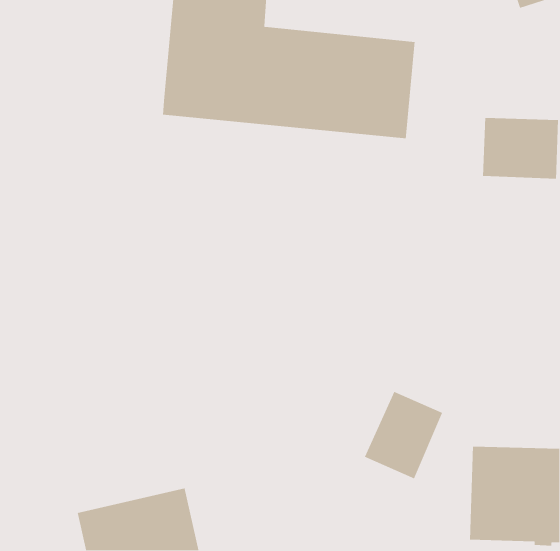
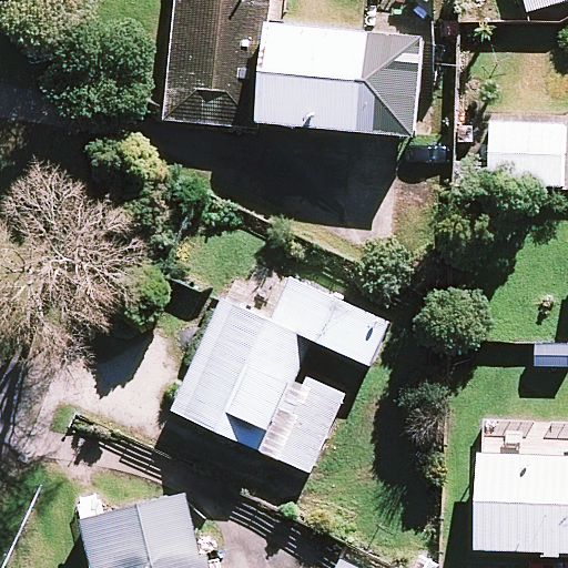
building: none -> [172,276,390,469]
building: [364,391,443,479] -> none

